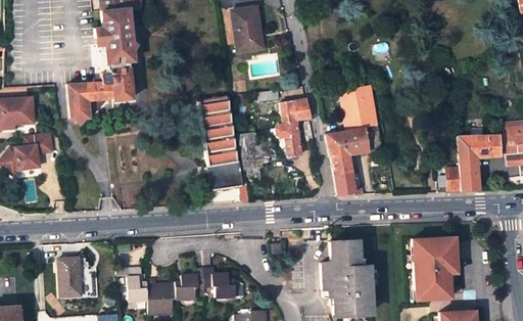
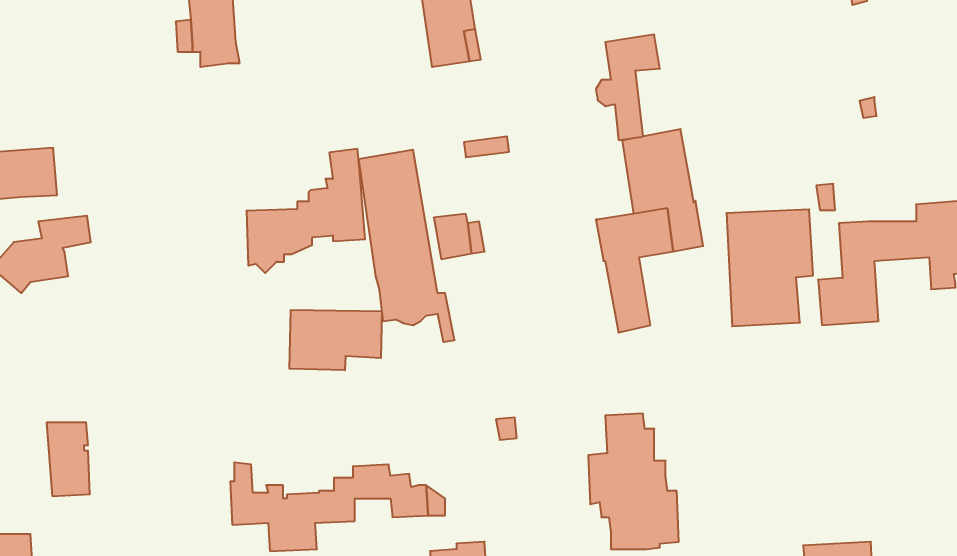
building: [66,50,131,118] -> [246,149,365,273]
building: [275,99,310,156] -> [596,35,660,140]
building: none -> [289,310,382,370]
building: [411,236,458,300] -> [726,209,813,326]
building: [58,258,82,297] -> [47,423,90,496]

